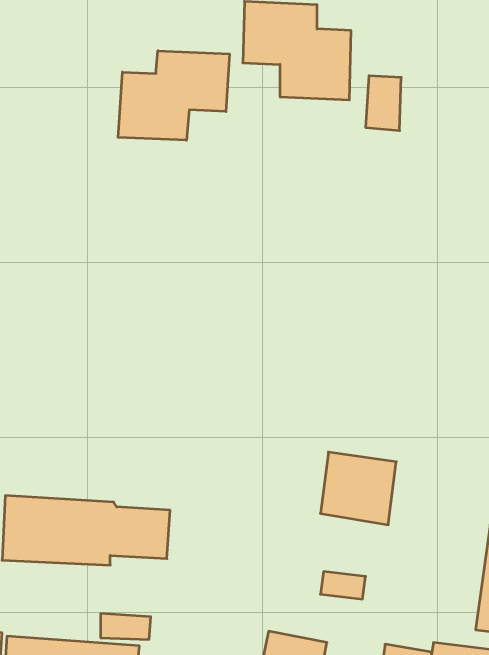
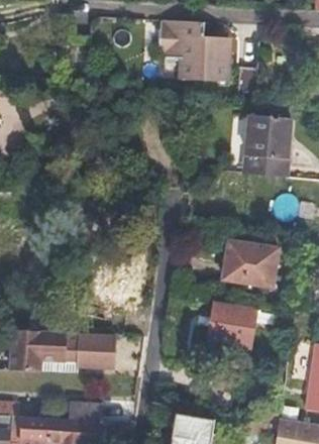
building: [118,51,229,140] -> none
building: none -> [244,116,291,178]
building: none -> [222,240,277,285]

